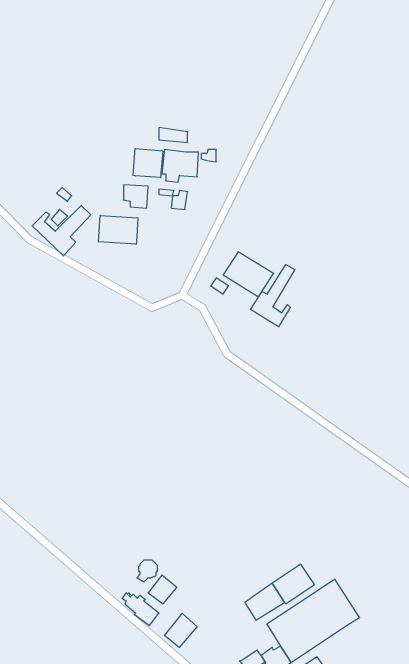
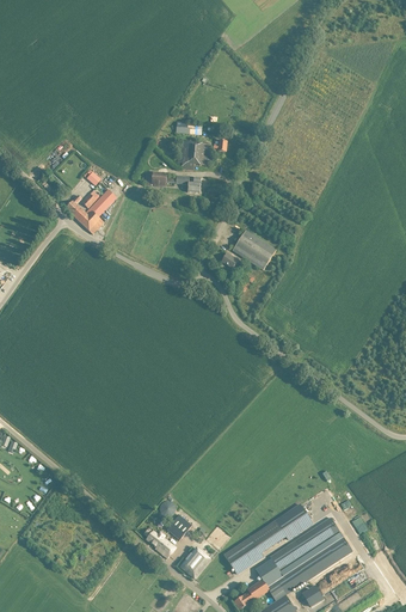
building: [133,149,163,178] -> none
building: [99,215,138,244] -> none
building: [250,265,295,327] -> none
building: none -> [224,537,264,573]

